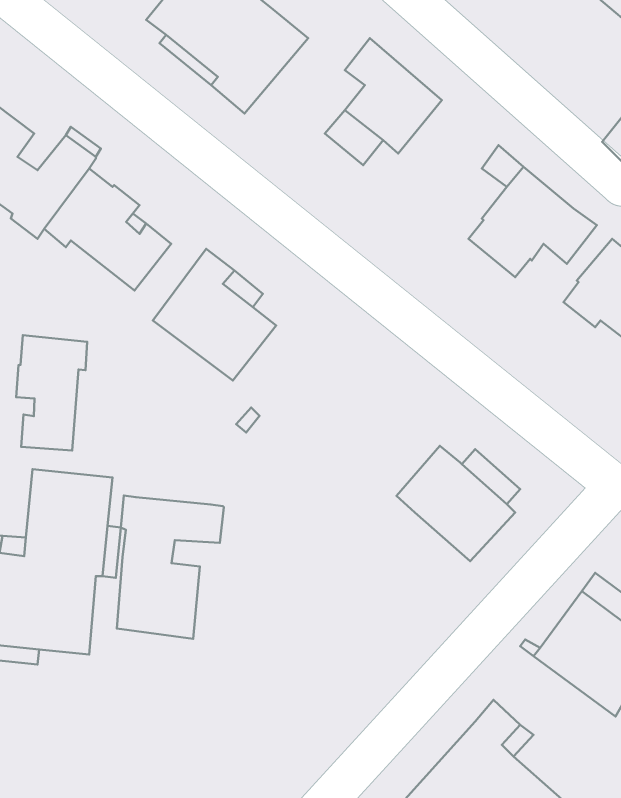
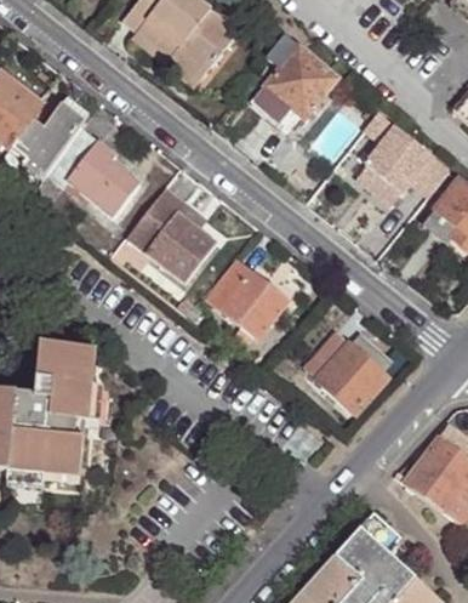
building: [16,335,87,451] -> none
building: none -> [205,257,287,337]
building: [117,496,224,639] -> none

